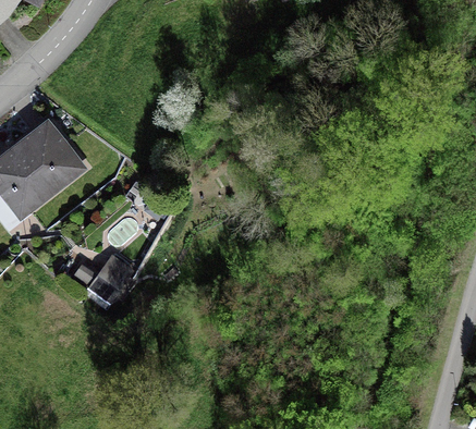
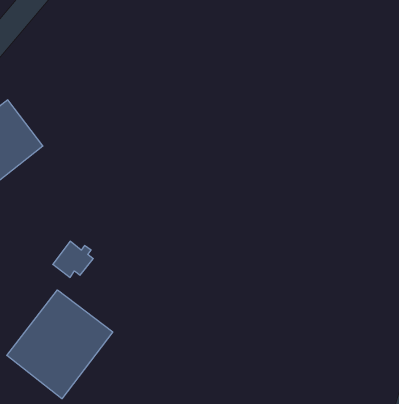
building: none -> [7,290,113,399]

